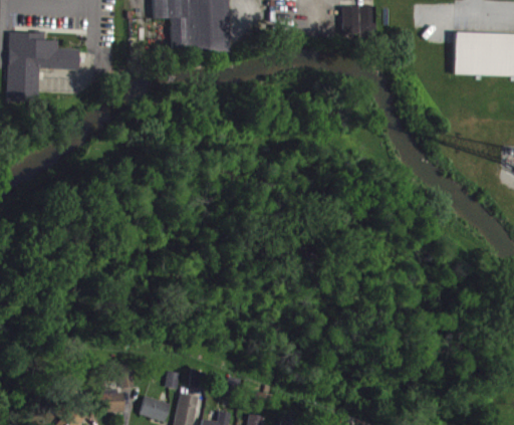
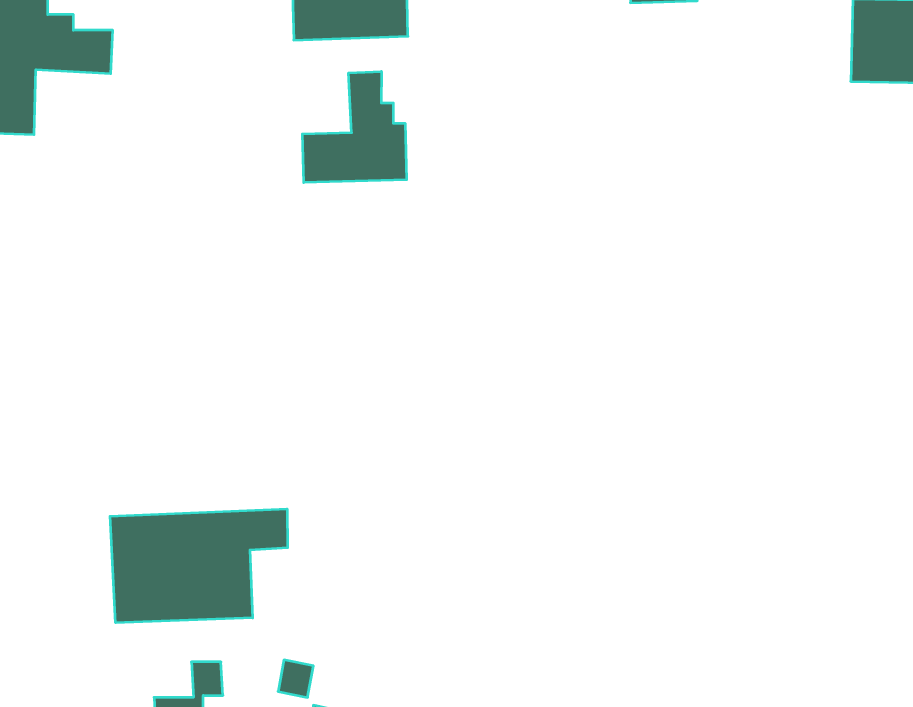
building: none -> [302,71,407,183]
building: none -> [110,509,288,623]

